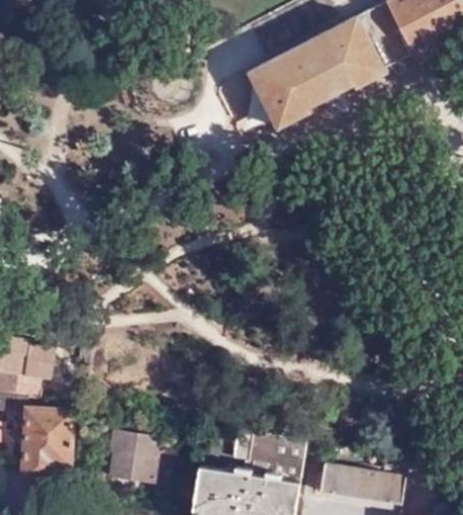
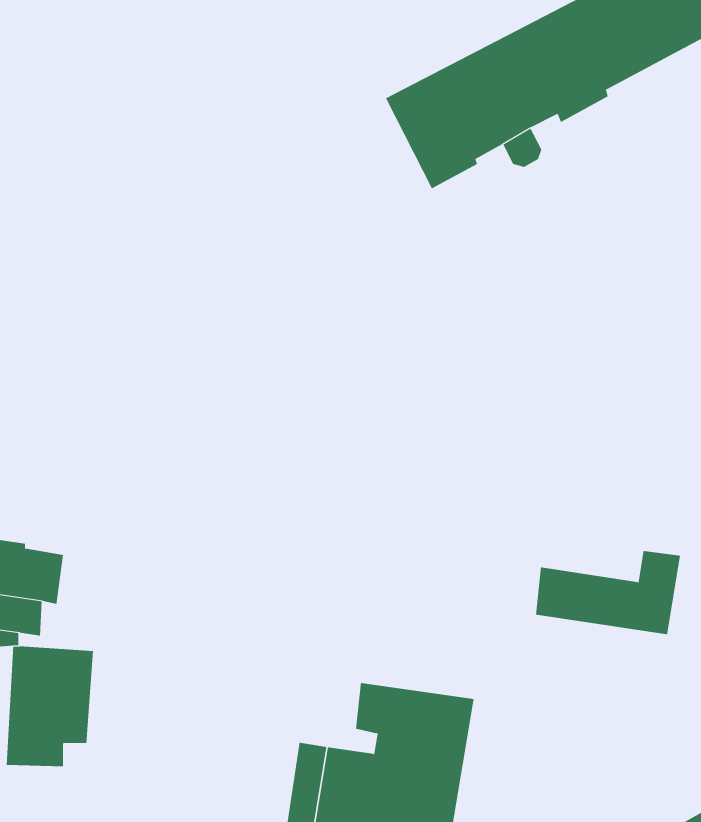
building: [107,432,171,482] -> none
building: [318,452,407,504] -> [535,550,681,635]

